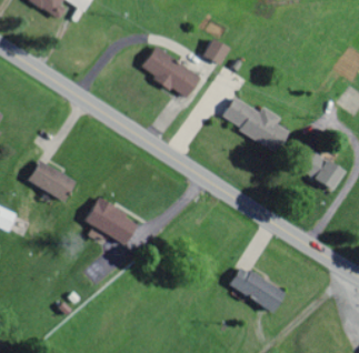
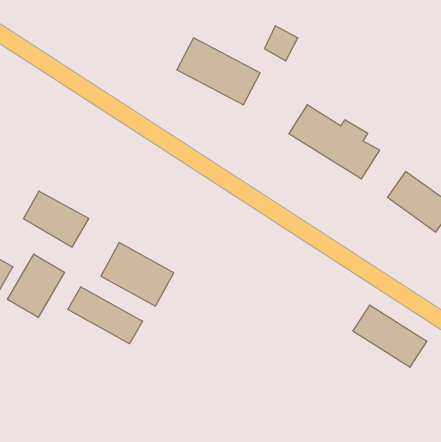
building: none -> [8,254,64,318]
building: none -> [68,287,143,344]
building: [229,265,283,311] -> [353,305,427,367]

